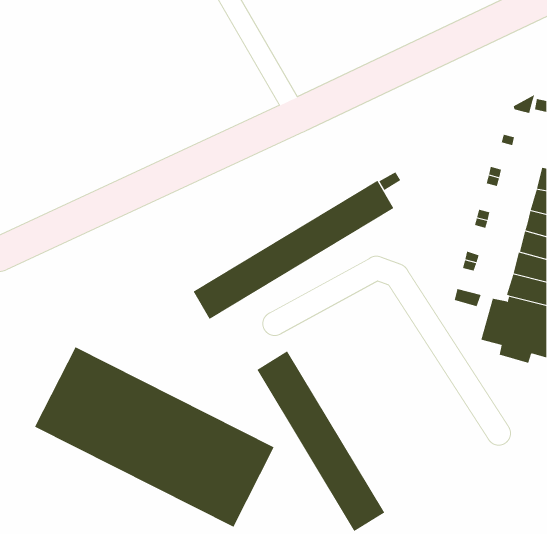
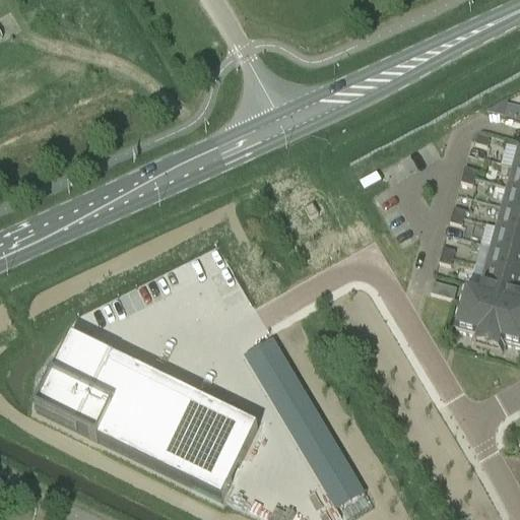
building: [193,180,394,320] -> none

